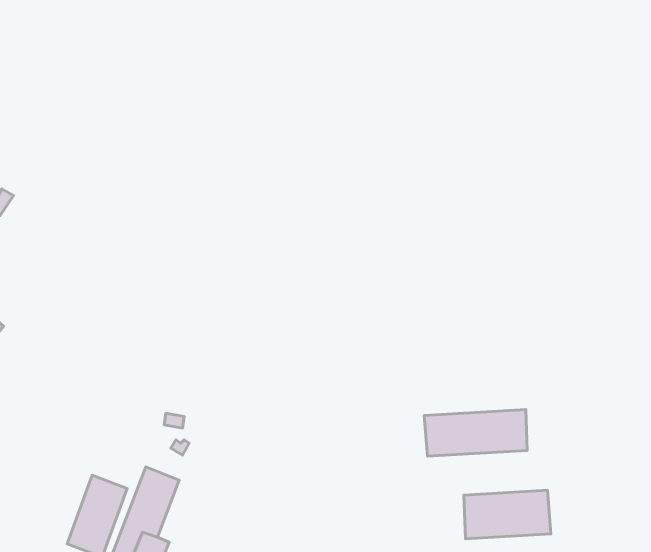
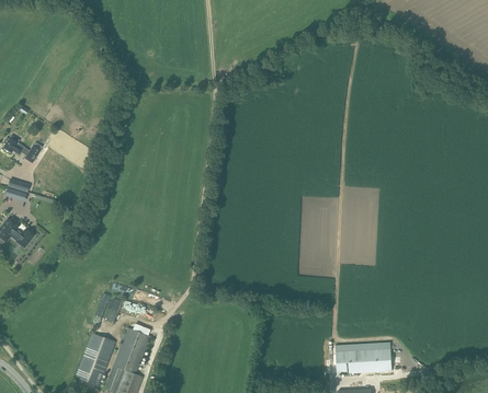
building: [424,409,527,456] -> none

